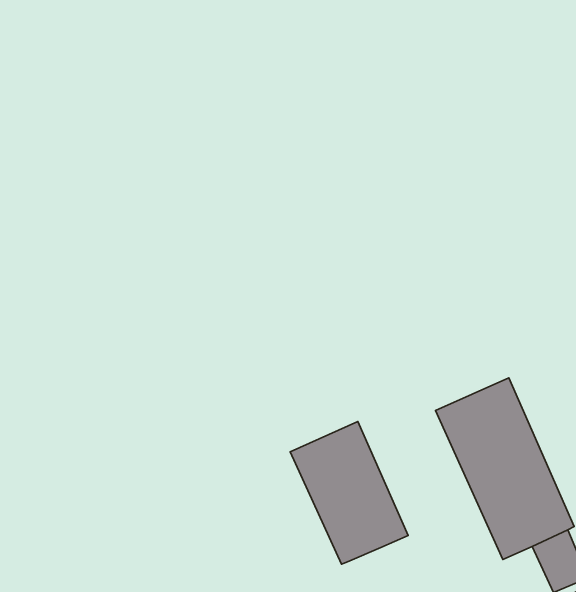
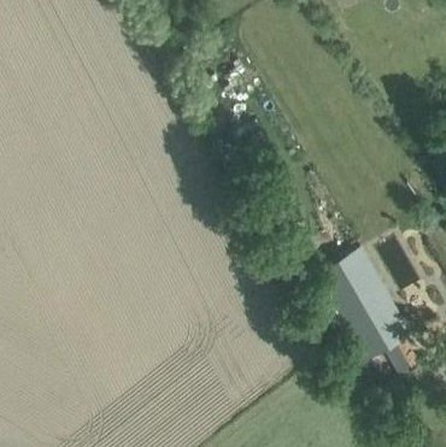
building: [290,422,408,564] -> none

